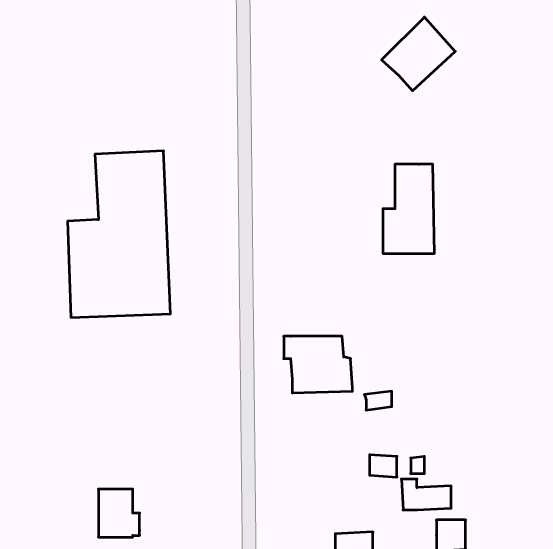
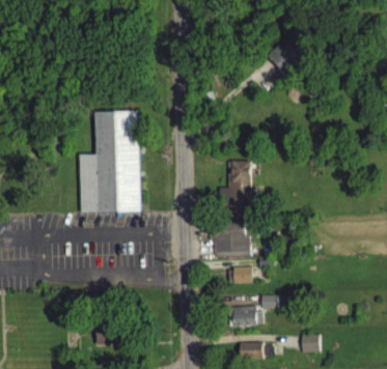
building: [383,164,434,253] -> [220,161,251,215]
building: none -> [228,265,253,283]
building: [401,479,451,510] -> [232,307,262,325]

